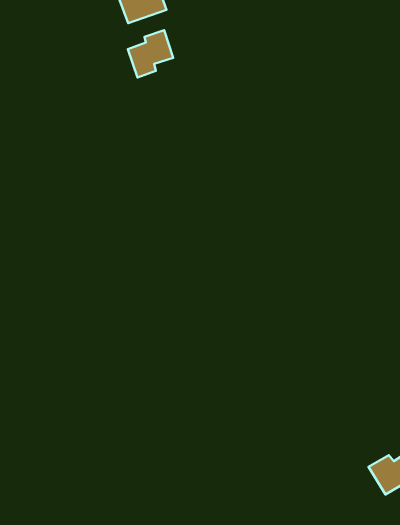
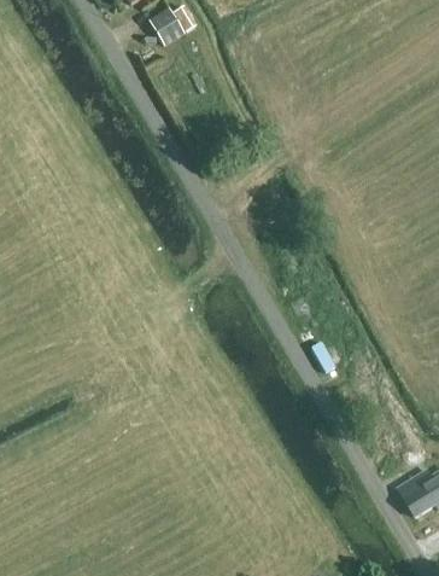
building: [128,30,173,78] -> none

